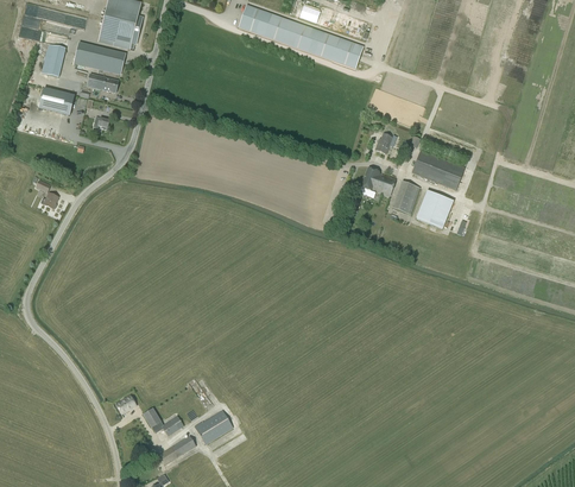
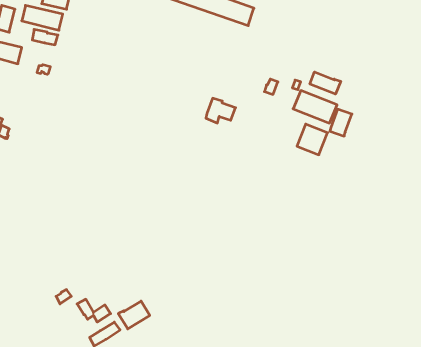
building: none -> [310,72,341,94]
building: [359,167,396,198] -> [206,98,236,123]
building: [392,181,419,214] -> [330,109,352,136]

